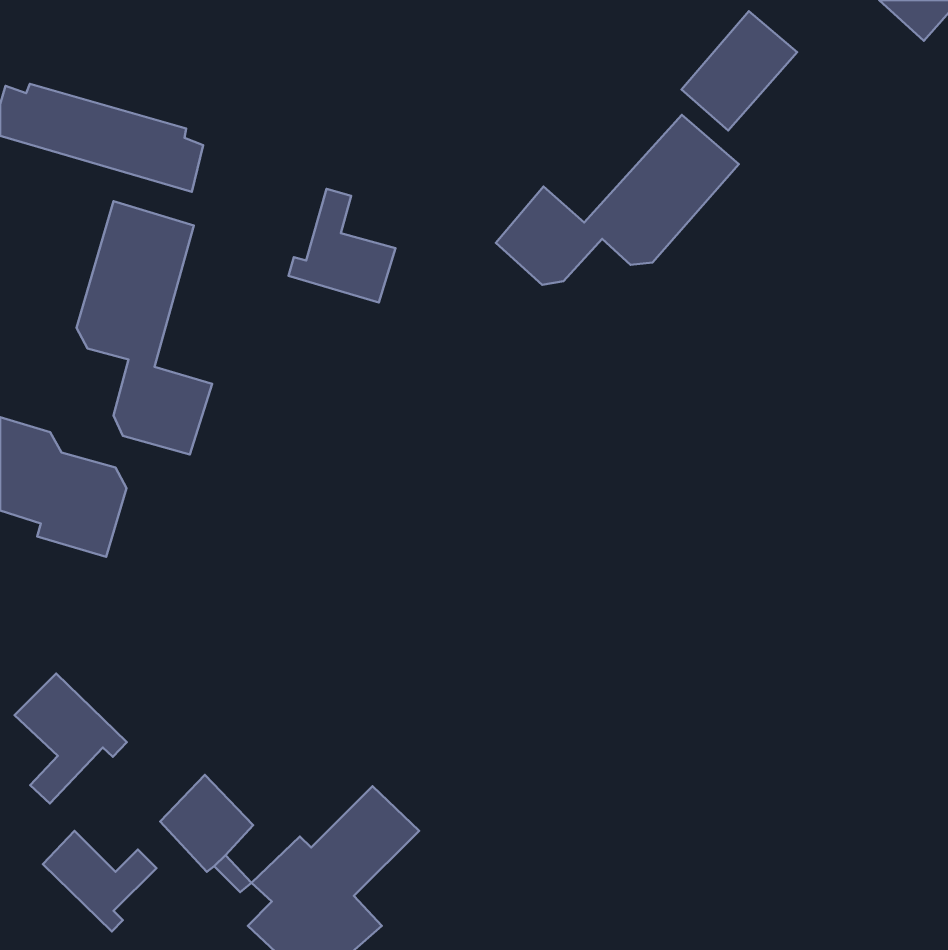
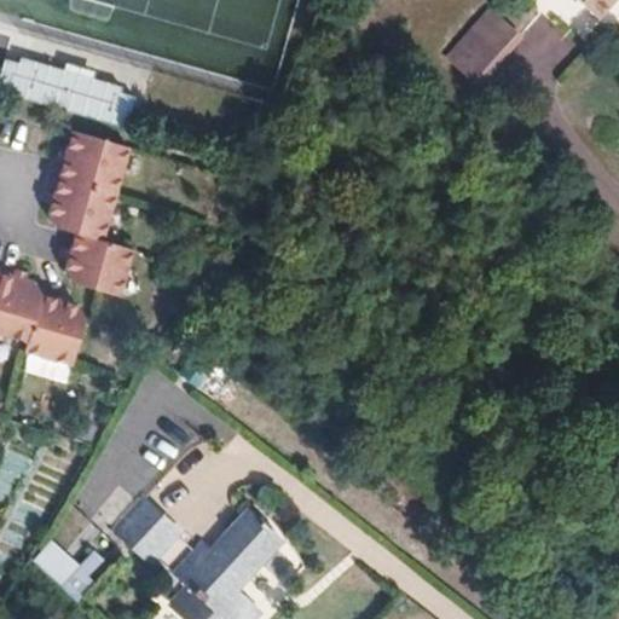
building: [496,115,739,285] -> none
building: [288,189,396,302] -> none
building: [15,674,127,804] -> none

